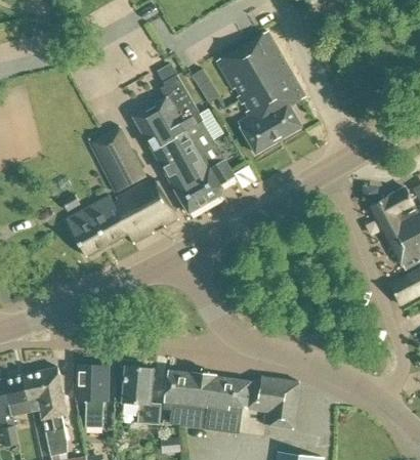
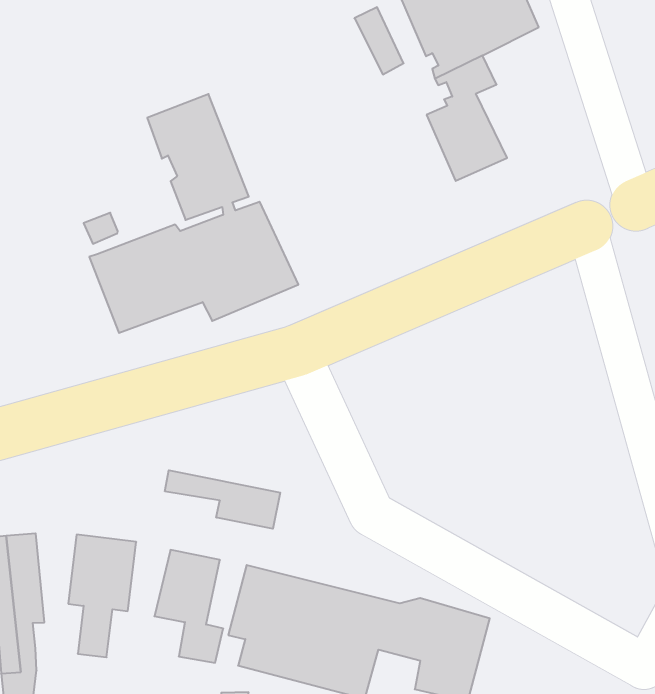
building: [259,69,304,139] -> none
building: [132,75,234,214] -> none
building: none -> [165,470,280,529]

